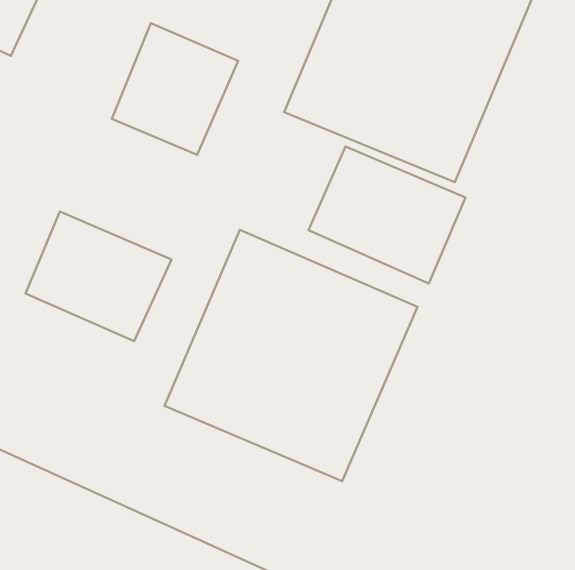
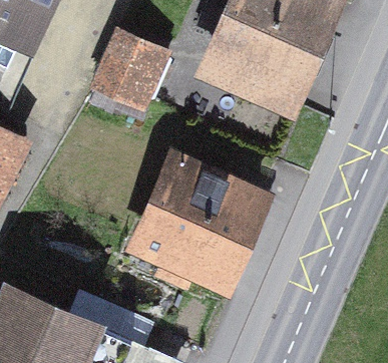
building: [309,147,466,283] -> none
building: [25,212,172,341] -> none

